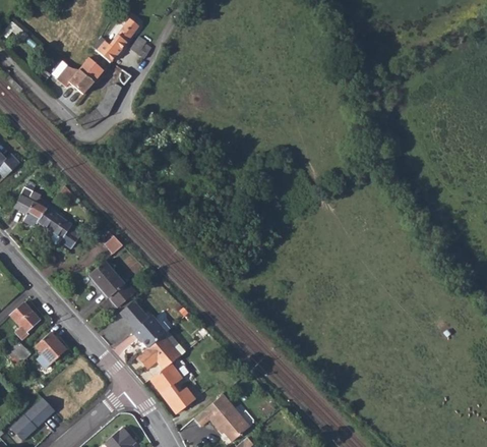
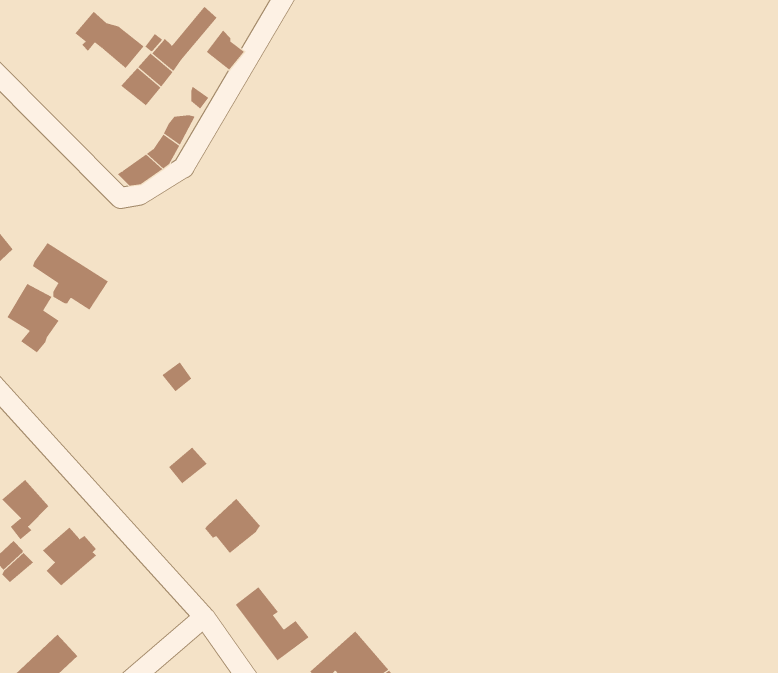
building: [55,59,97,94] -> [75,11,144,69]
building: [37,208,82,248] -> [32,242,109,310]
building: [88,262,124,296] -> none
building: [118,300,147,331] -> none
building: [137,335,180,370] -> none

